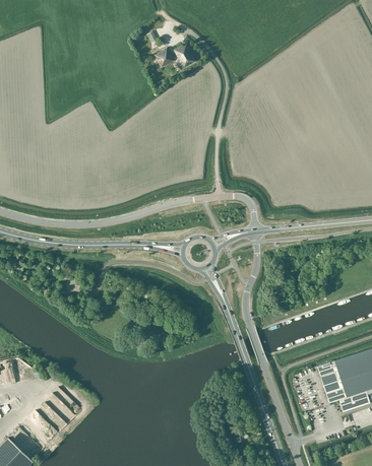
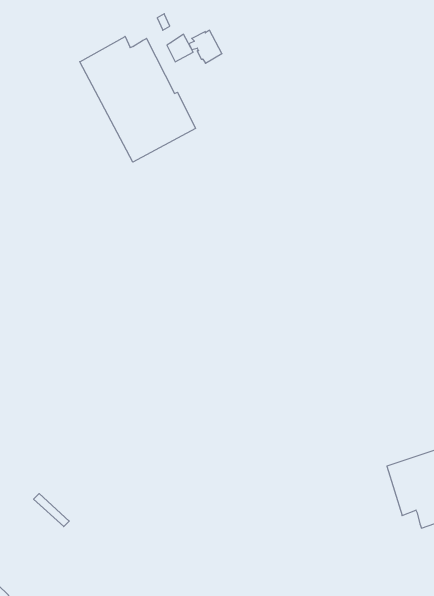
building: none -> [80,36,196,162]

